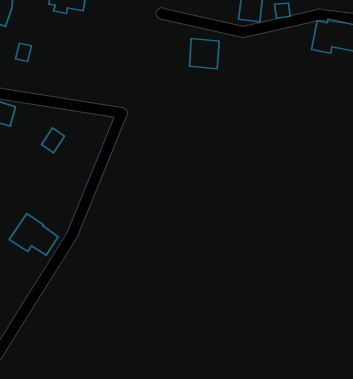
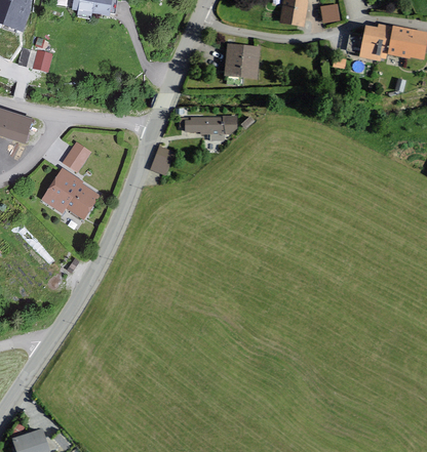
building: none -> [179,115,236,139]
building: none -> [150,146,171,174]
building: [9,214,58,255] -> [41,171,95,217]

